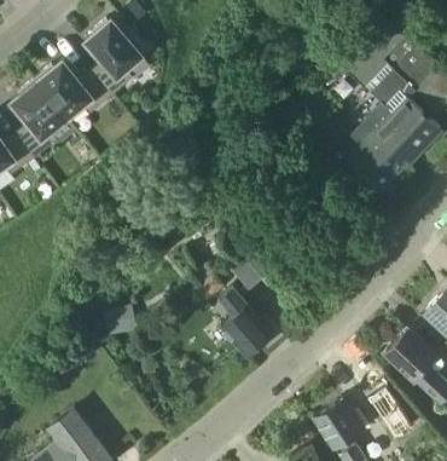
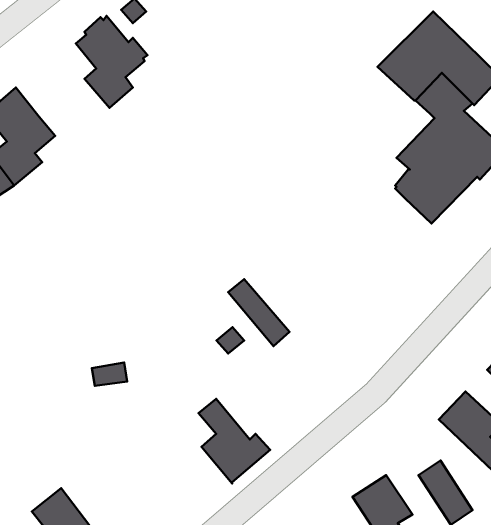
building: [36,60,114,117] -> none
building: [219,287,278,357] -> [199,399,270,483]

